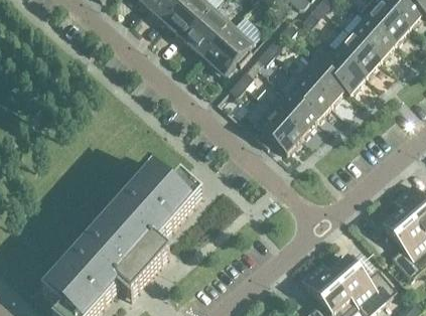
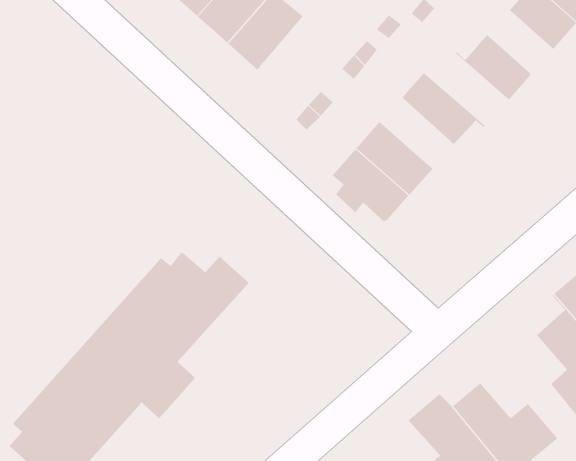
building: [351,19,394,59] -> none
building: [205,23,255,74] -> none
building: [311,46,366,93] -> none
building: [283,74,330,120] -> none

